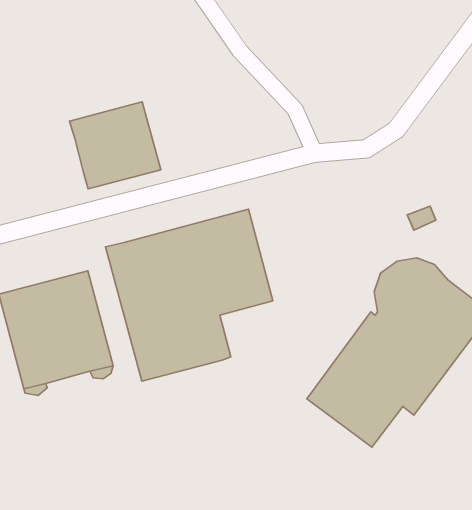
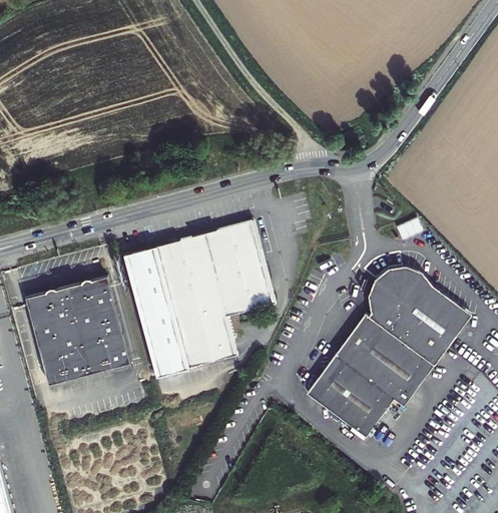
building: [70,102,161,189] -> none

